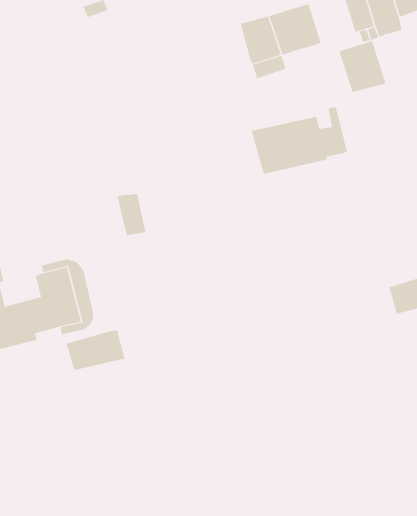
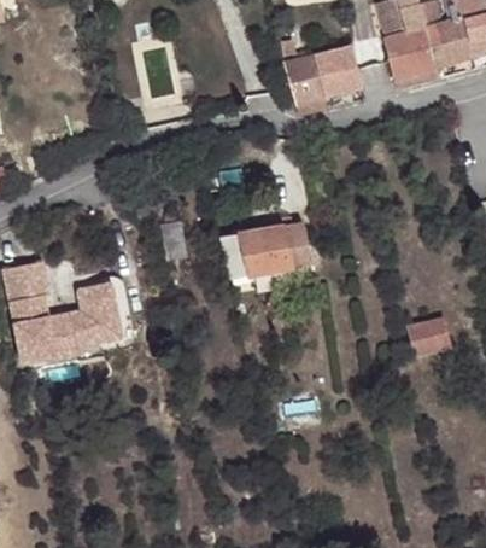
building: [339,40,386,93] -> none
building: [251,106,348,174] -> [217,217,309,279]
building: [66,330,125,371] -> none

